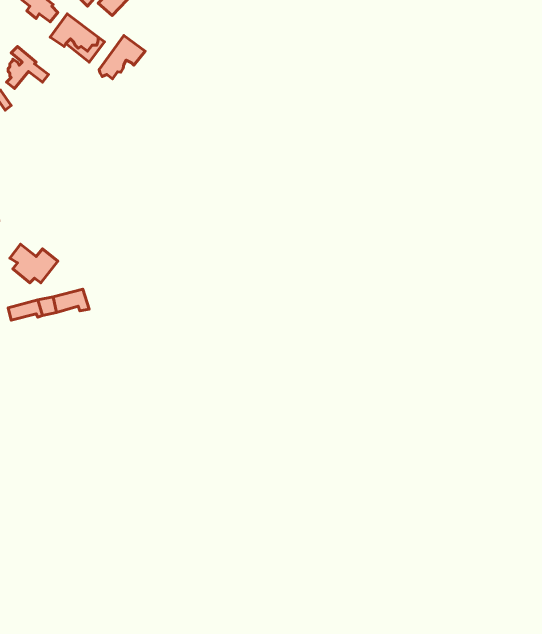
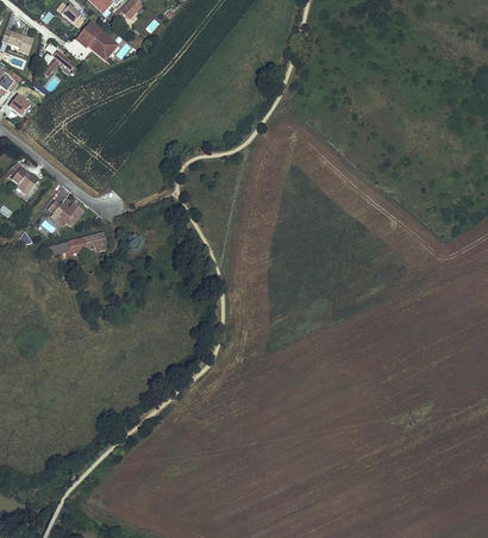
building: [99,35,145,79] -> none

